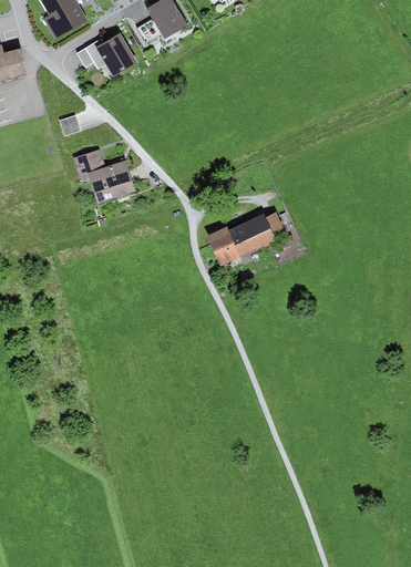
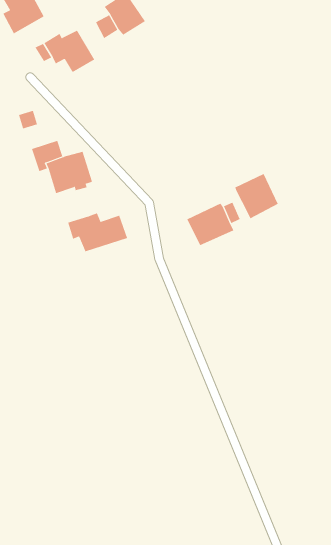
building: none -> [235,173,278,219]
building: none -> [67,213,128,252]
building: [207,221,242,261] -> none

